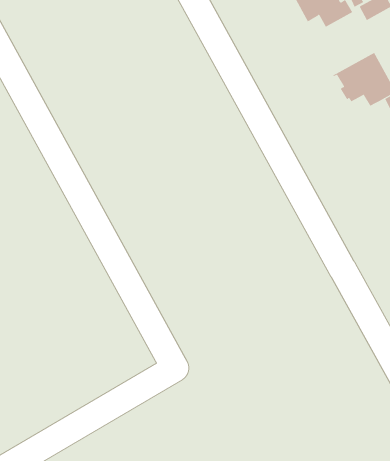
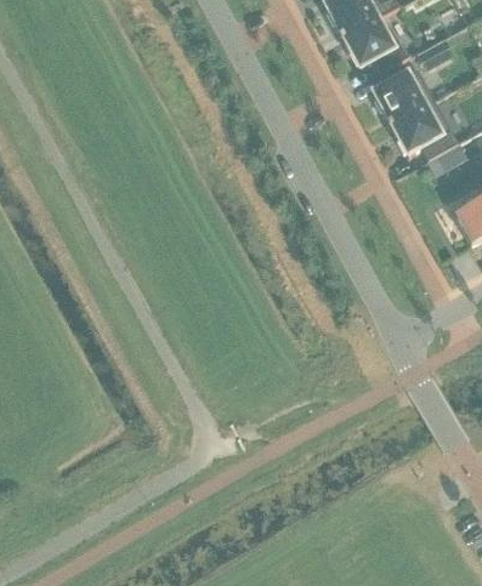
building: none -> [372,64,431,120]

